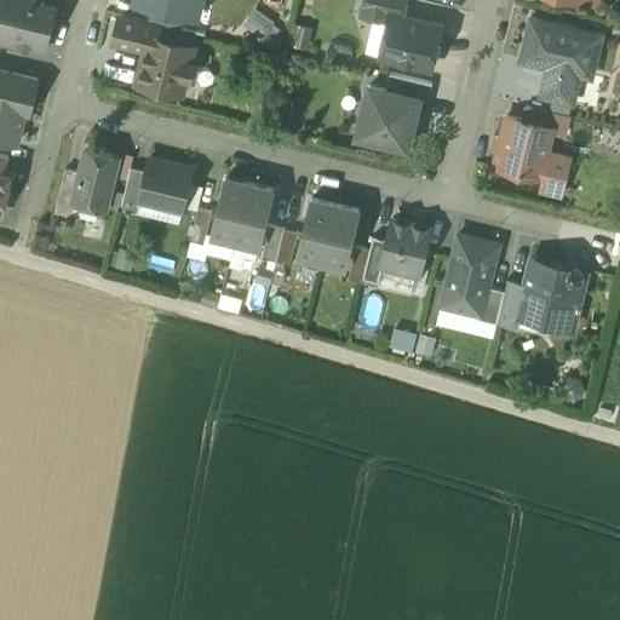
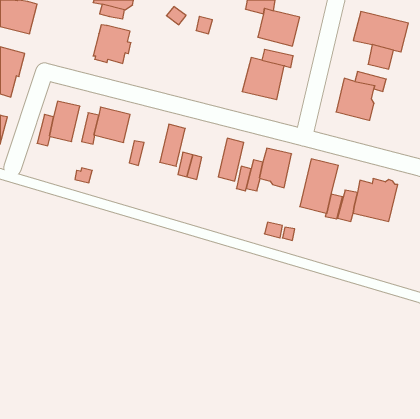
building: [114,16,162,52] -> none
building: [541,155,570,196] -> none
building: [212,179,249,241] -> none
building: [298,200,335,263] -> none

